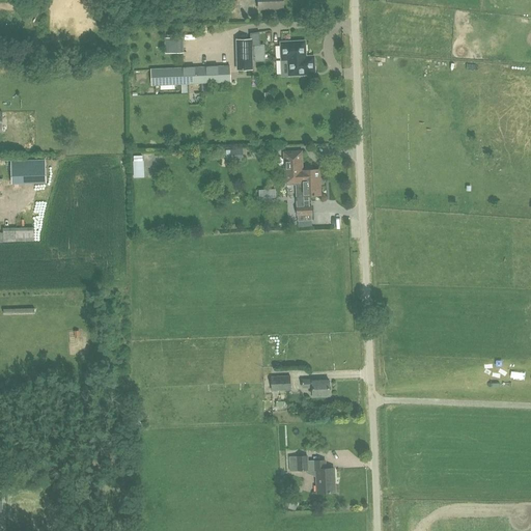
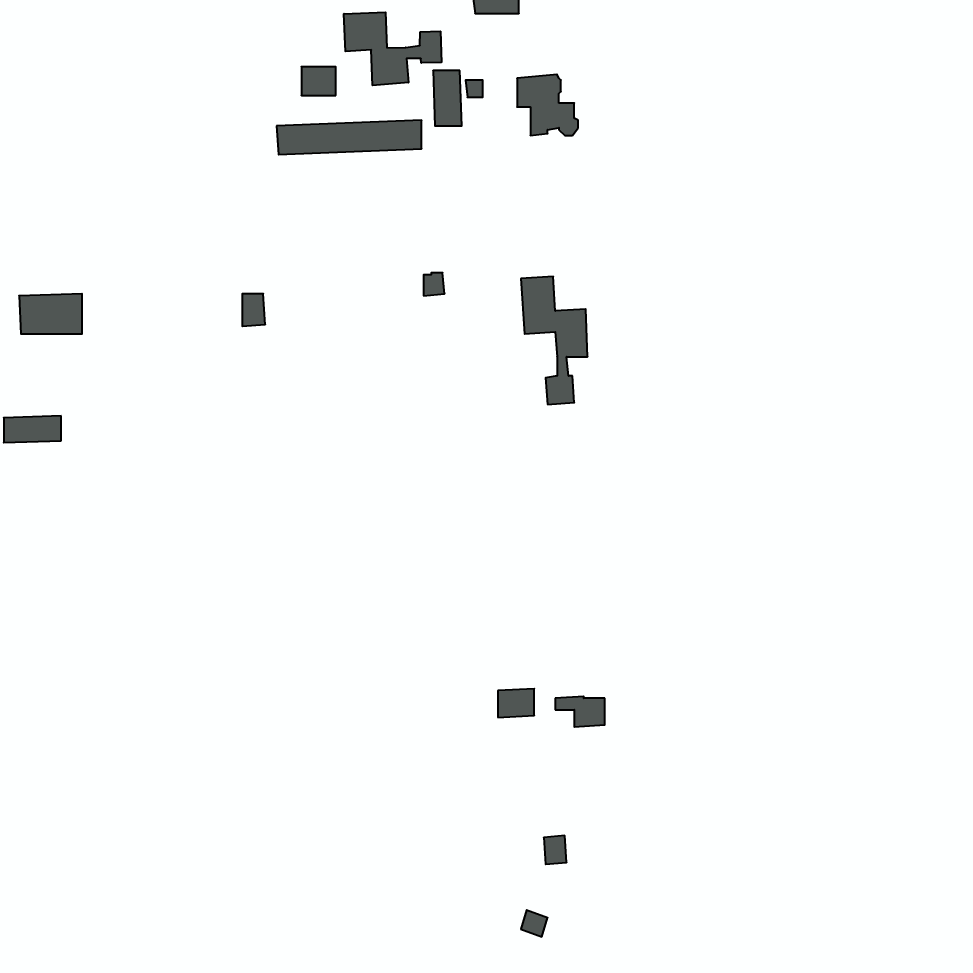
building: none -> [344,12,441,85]
building: [312,459,335,493] -> none

